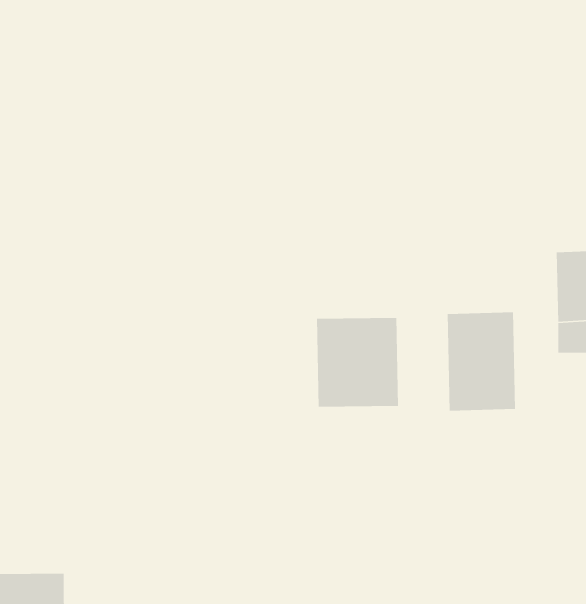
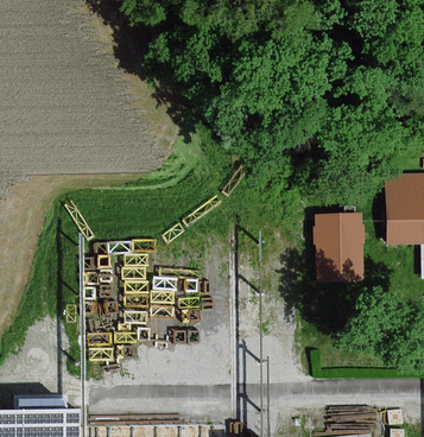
building: [316,317,399,407] -> none

